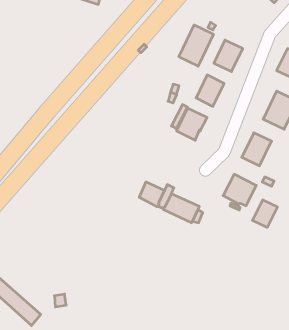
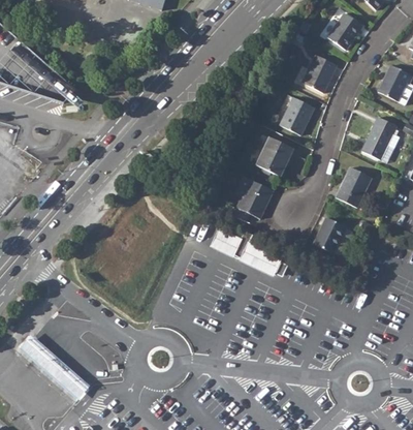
building: none -> [327,12,362,50]
building: [179,25,213,66] -> none
building: none -> [232,176,274,220]
building: [252,200,277,227] -> none

